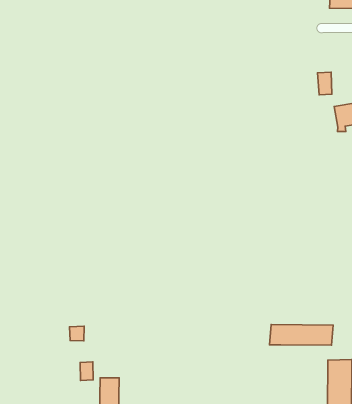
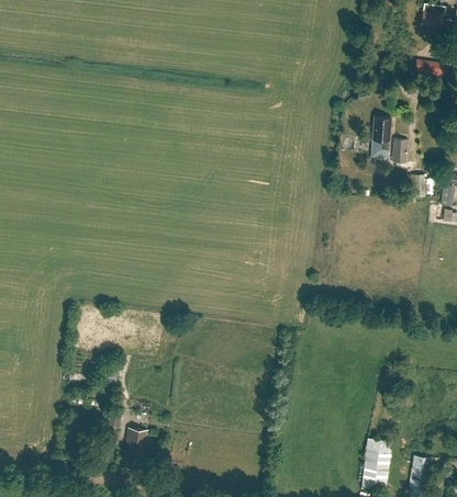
building: none -> [372,117,391,149]
building: [270,325,333,345] -> none

